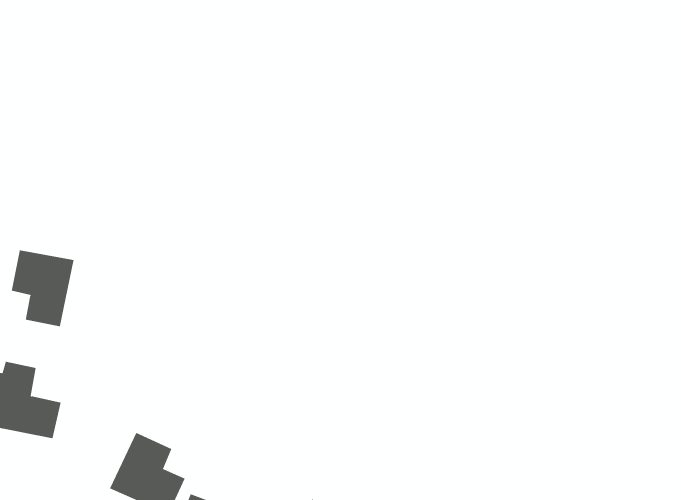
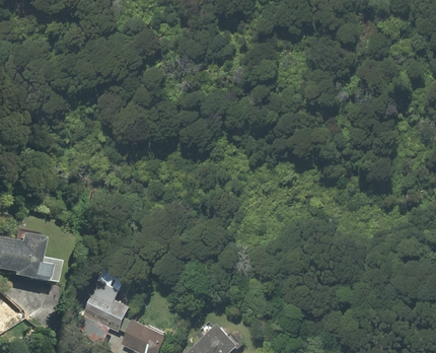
building: [11,249,74,327] -> none

